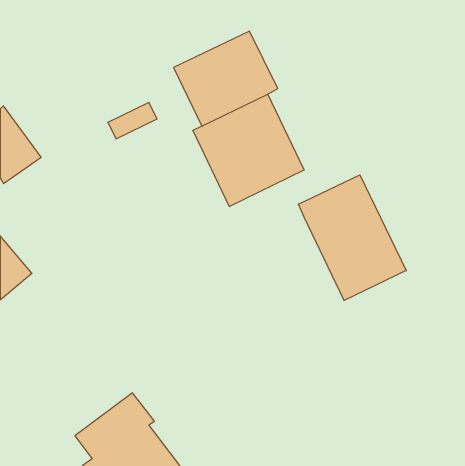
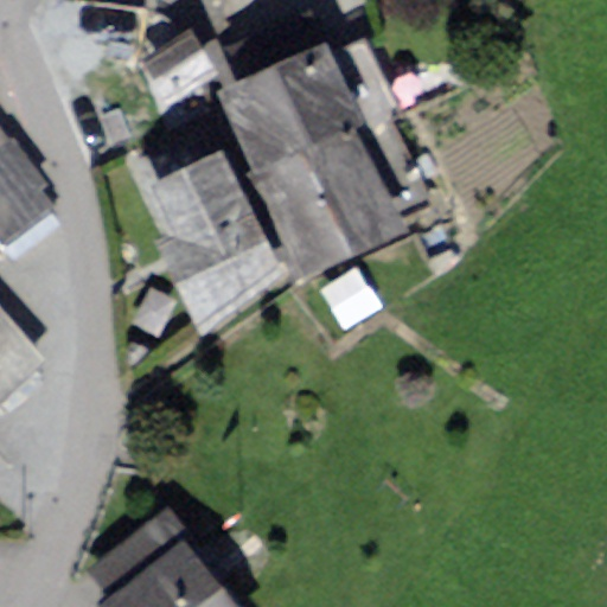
building: none -> [158,155,282,311]
building: [298,175,406,301] -> none

